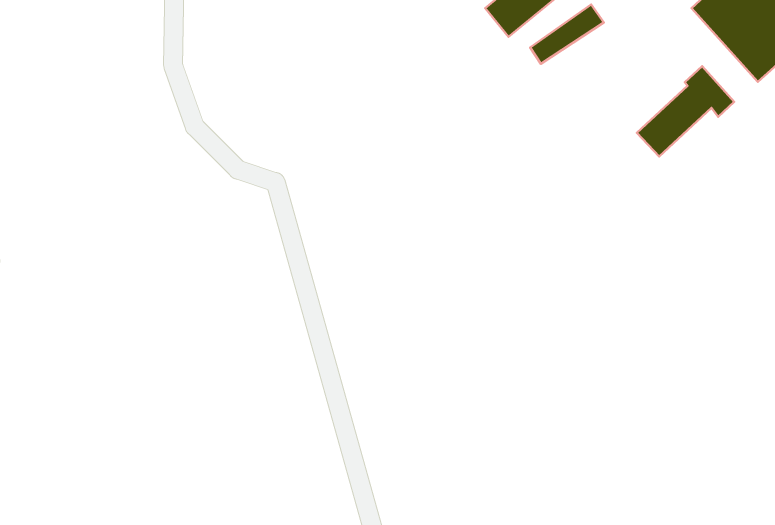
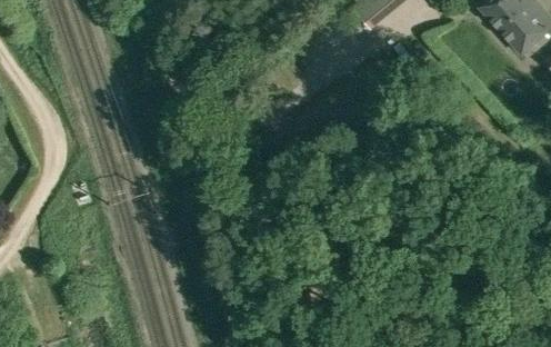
building: [637,66,734,156] -> none

